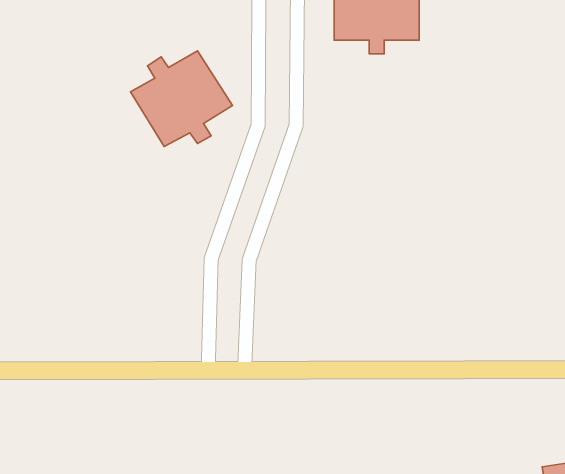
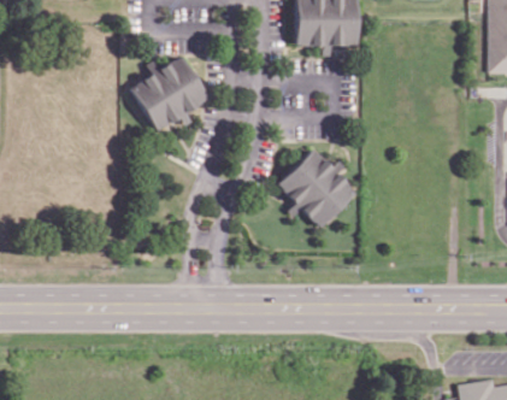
building: none -> [267,149,352,235]

